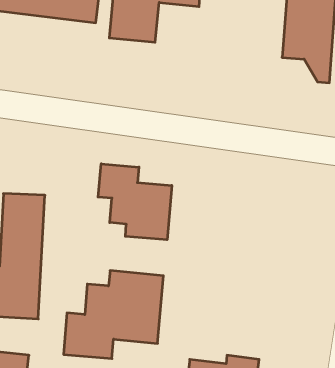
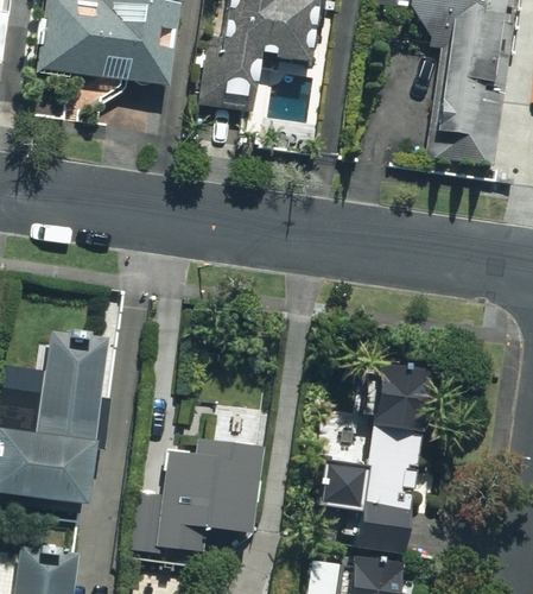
building: [98,164,172,240] -> none
building: none -> [329,364,427,546]

